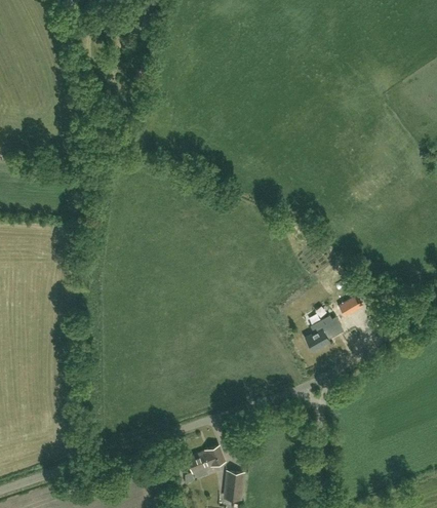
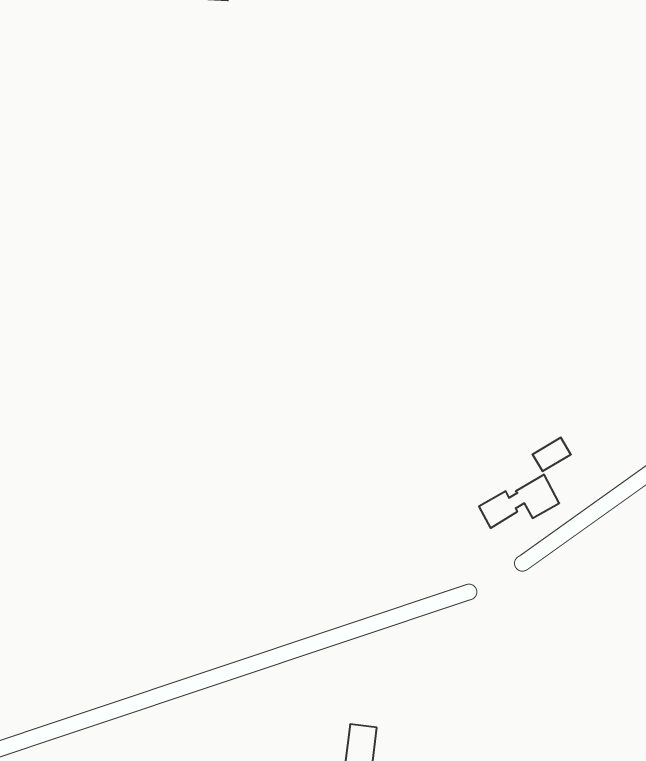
building: [187,445,224,479] -> none

